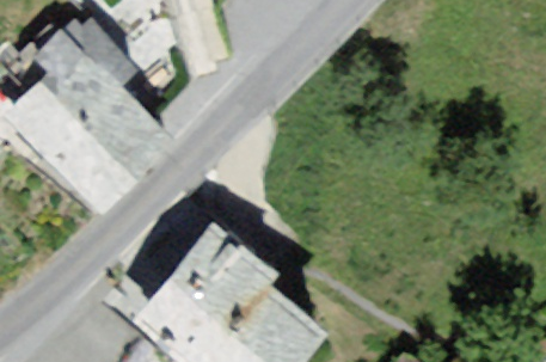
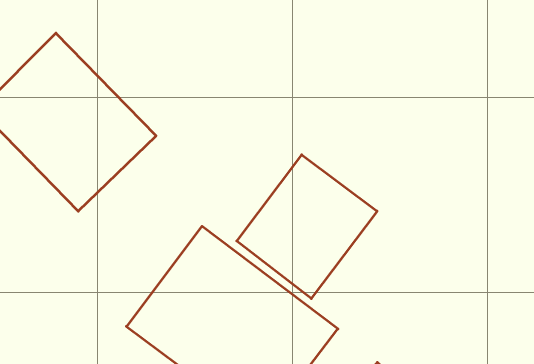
building: none -> [237,155,377,299]

